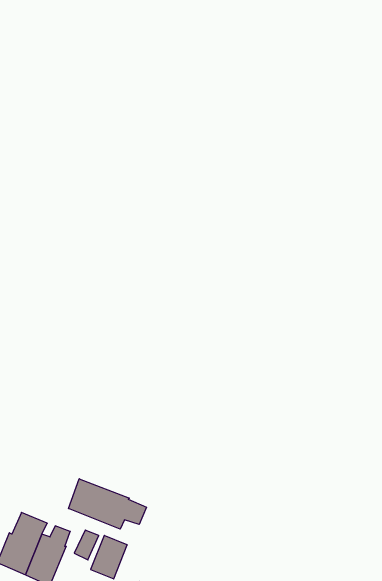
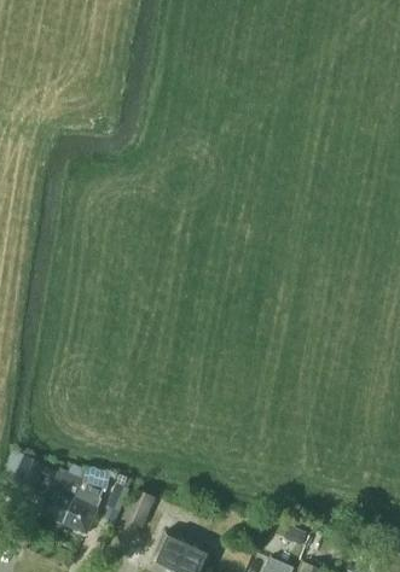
building: [69,479,147,529] -> none

